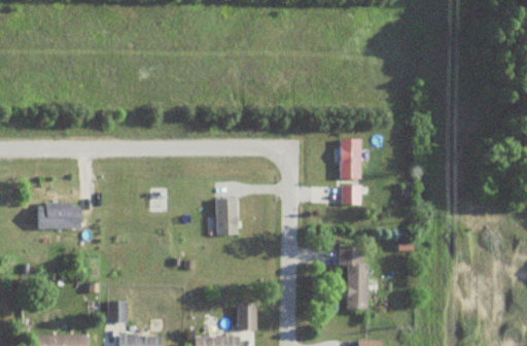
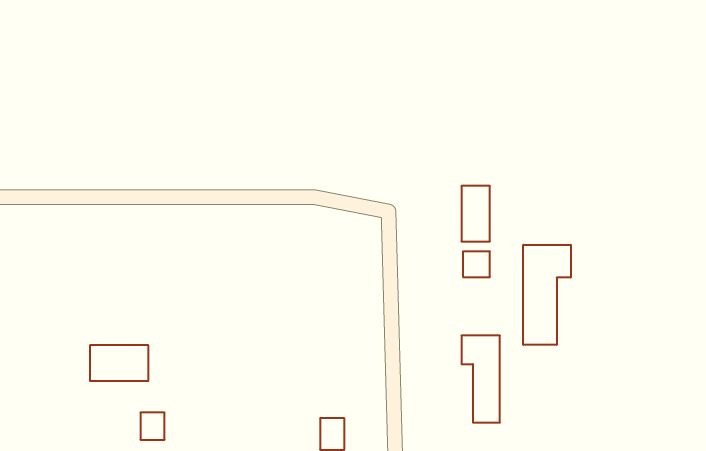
building: none -> [523,245,571,345]
building: [216,199,238,235] -> none
building: [38,202,80,228] -> [90,345,148,381]

